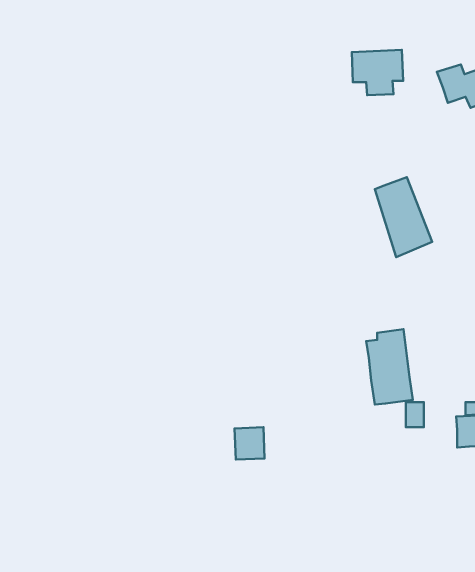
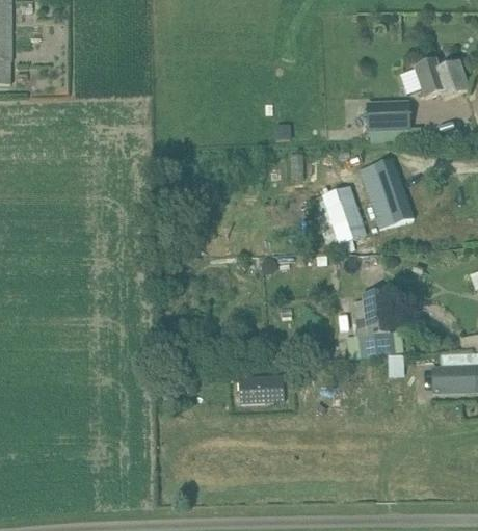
building: [352,50,403,95] -> [366,102,410,141]
building: none -> [313,186,367,247]

